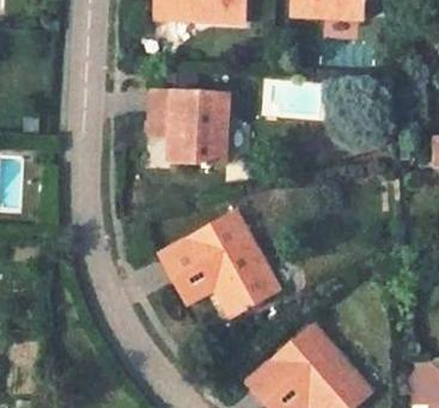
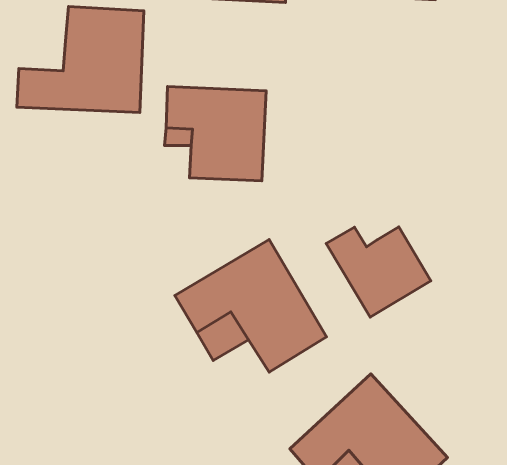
building: none -> [17,6,144,113]
building: none -> [326,227,431,317]

